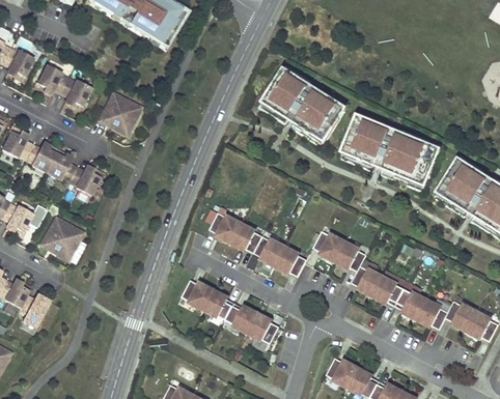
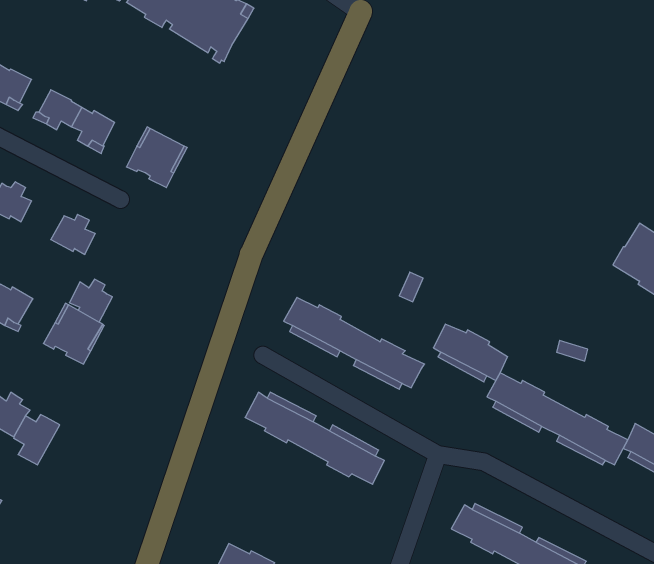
building: [263,69,343,137] -> none
building: [343,116,439,181] -> none
building: [25,142,55,171] -> none
building: [70,165,100,195] -> [69,279,112,322]

